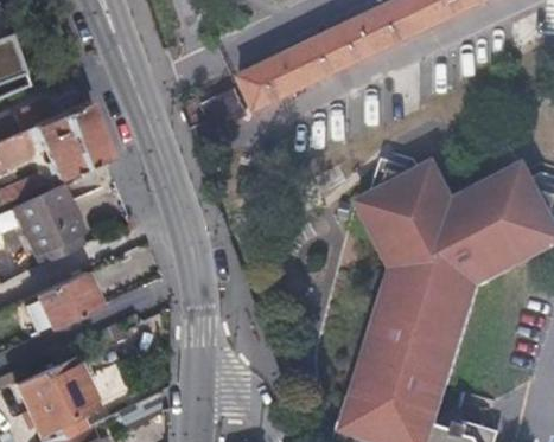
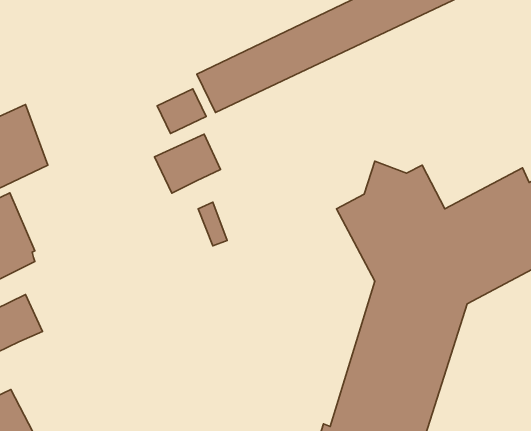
building: none -> [155,134,220,193]

